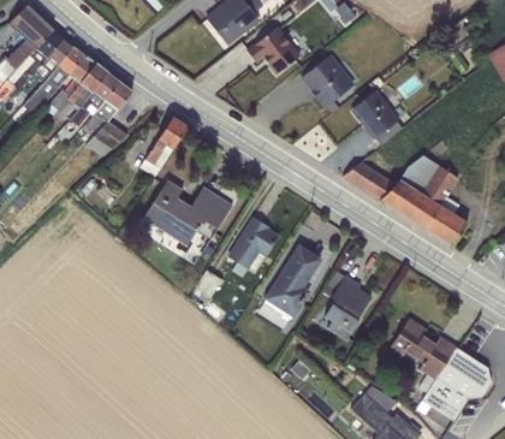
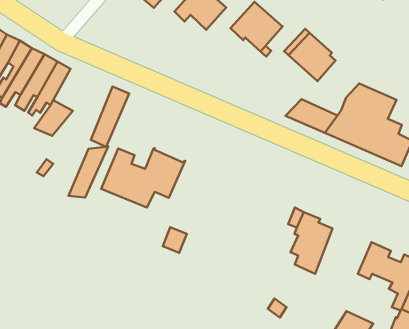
building: none -> [68,147,108,197]
building: [228,216,278,271] -> none
building: [263,247,320,319] -> none

